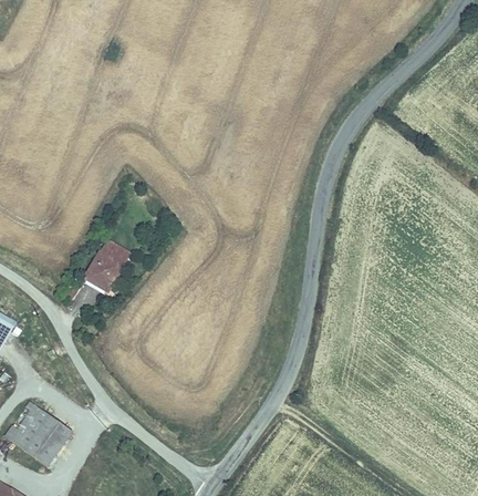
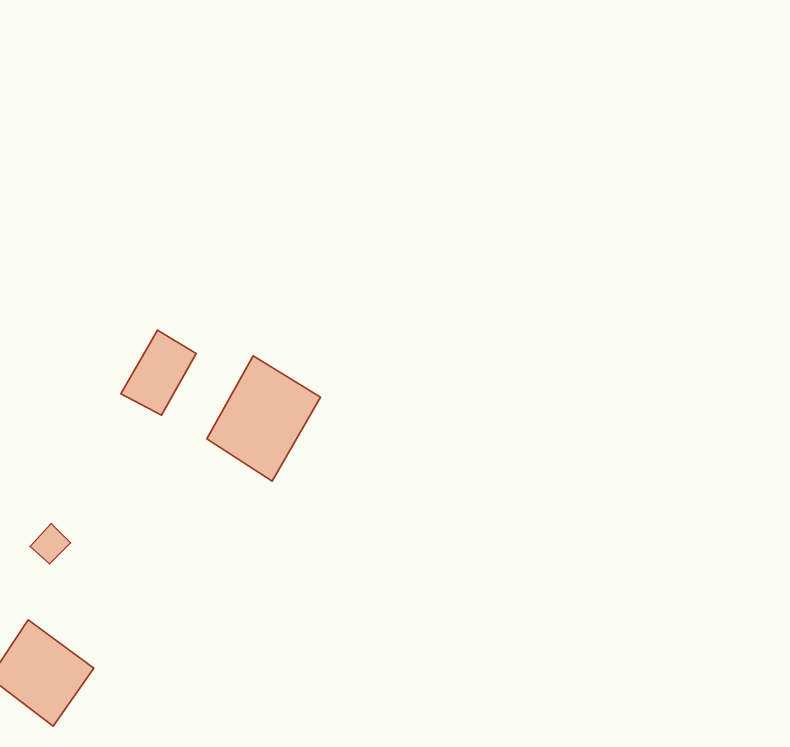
building: none -> [207,356,321,481]

